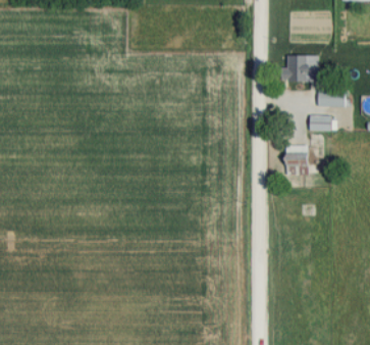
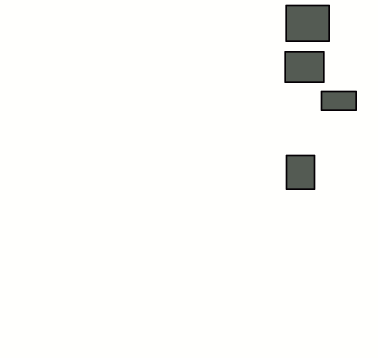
building: none -> [286,5,329,41]
building: [308,114,334,131] -> none

